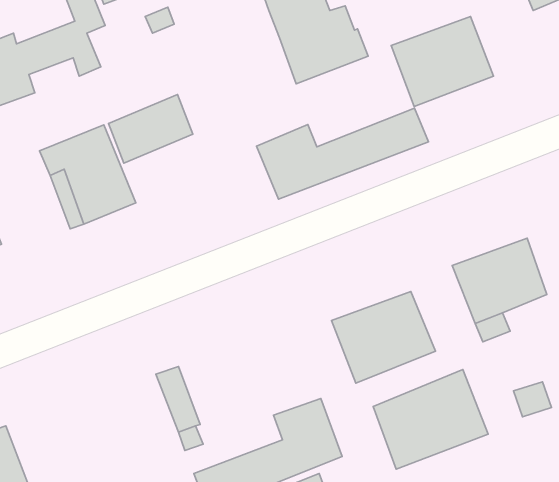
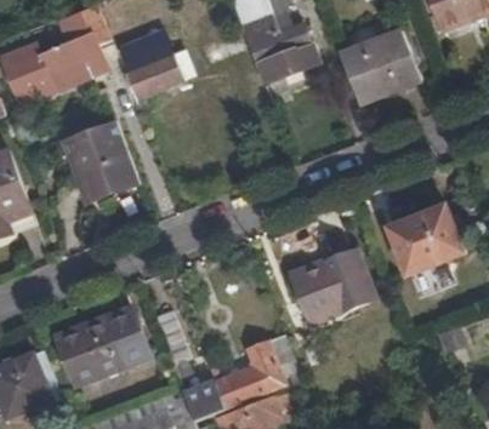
building: [109,95,193,163] -> [123,44,189,98]
building: [256,108,428,199] -> none
building: [373,369,488,469] -> none
building: none -> [58,311,148,385]

